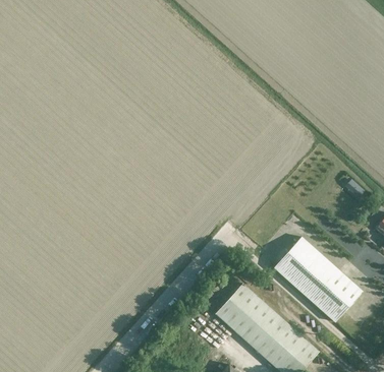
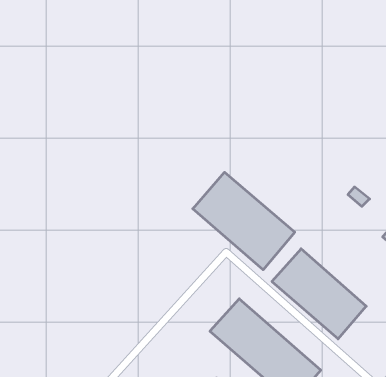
building: none -> [193,172,295,270]

